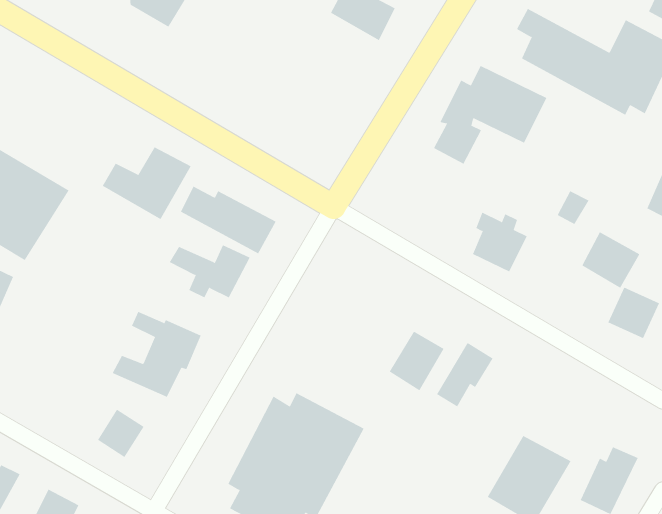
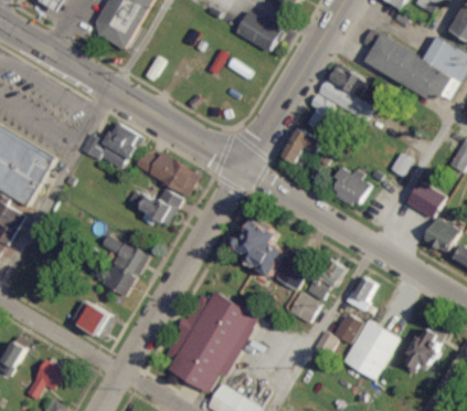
building: none -> [282,129,323,166]
building: none -> [232,218,284,272]
building: none -> [346,274,376,310]
building: none -> [287,292,318,323]
building: none -> [333,312,362,344]

